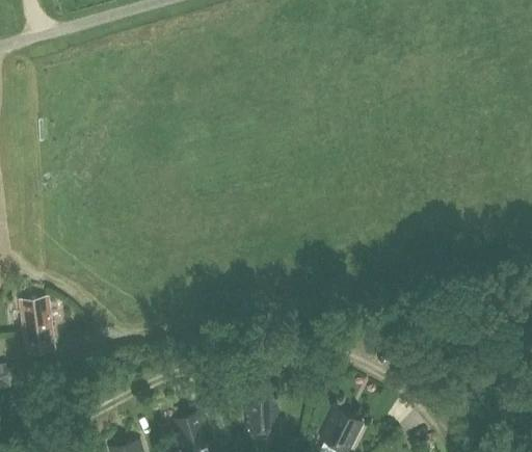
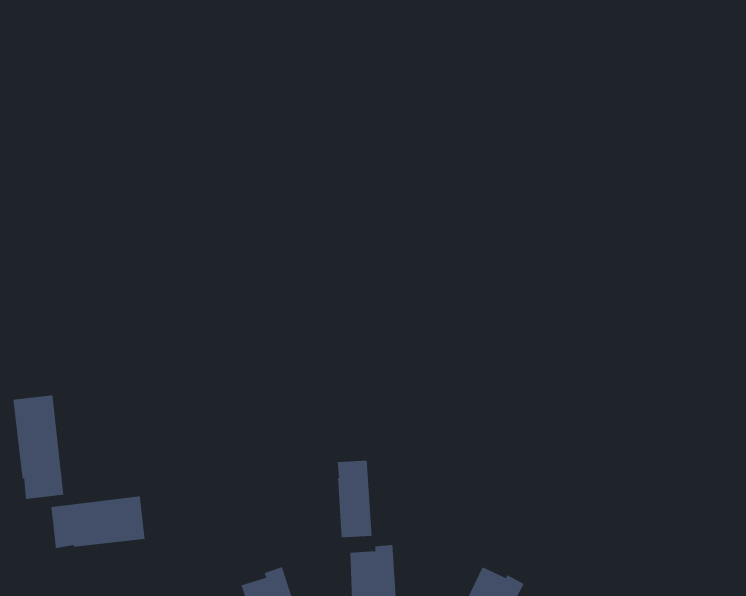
building: none -> [337,460,372,538]
building: none -> [51,496,145,549]

